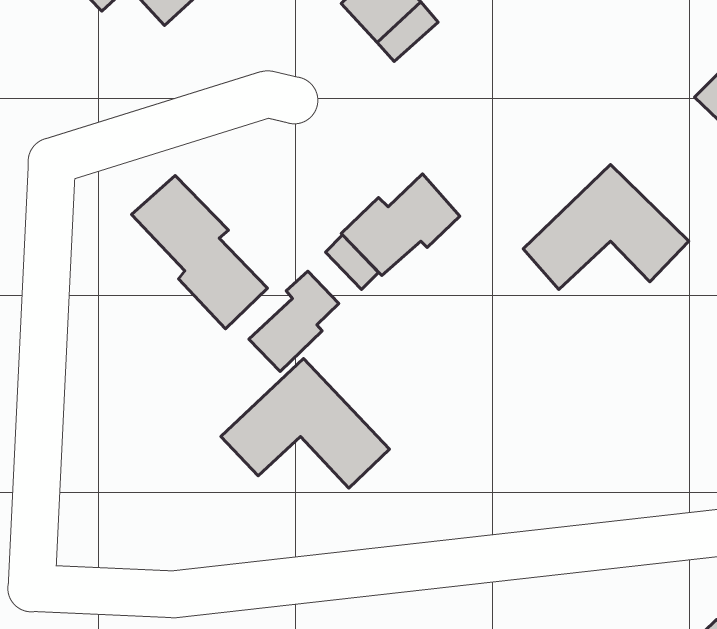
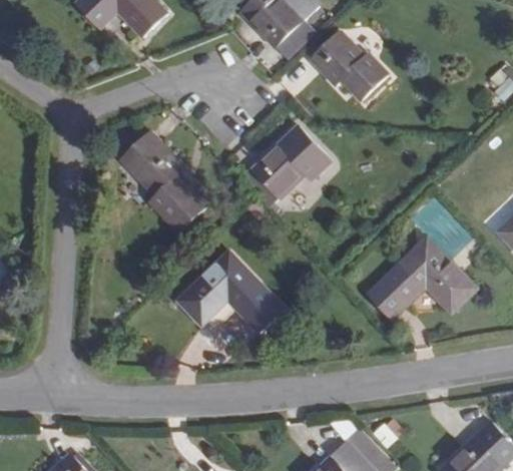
building: none -> [312,33,387,100]
building: [523,164,689,290] -> [370,239,476,319]
building: [249,271,339,372] -> none

